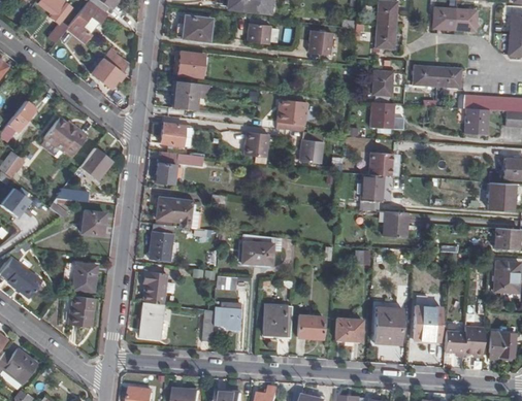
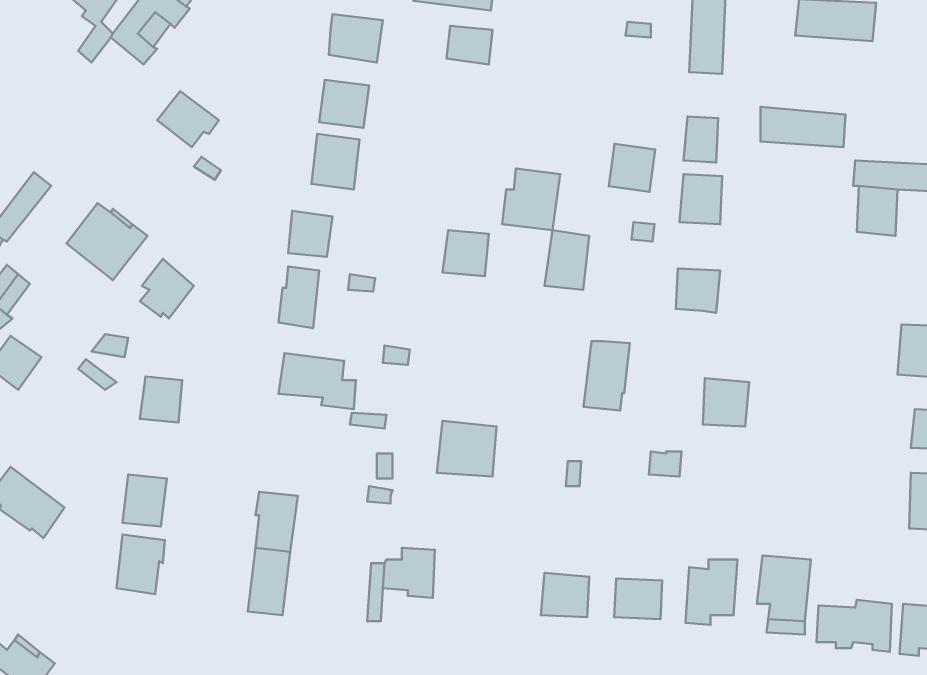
building: [306,30,331,56] -> [609,144,655,192]
building: [358,174,383,211] -> [584,341,630,411]
building: [149,224,173,261] -> none
building: [263,305,293,339] -> none

